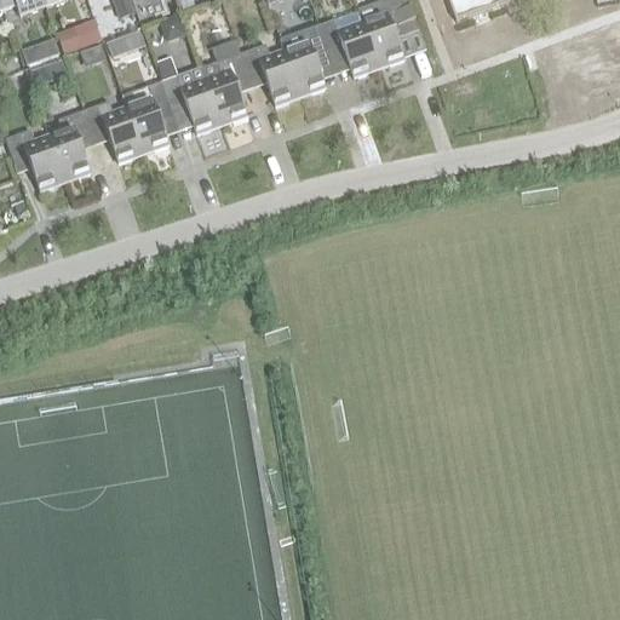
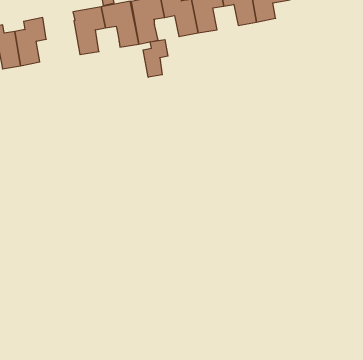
building: [84,99,143,161] -> none
building: none -> [143,40,168,77]

